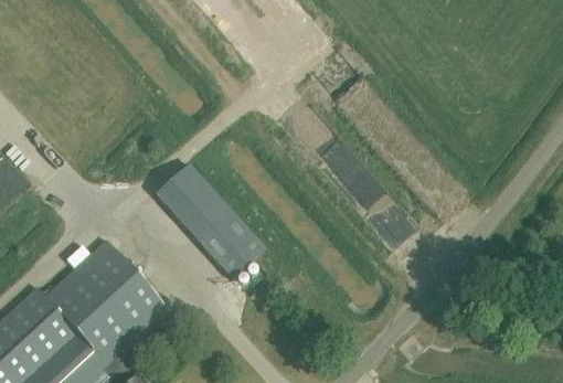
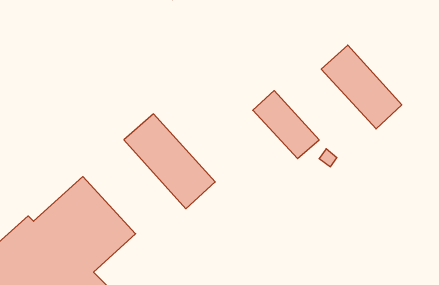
building: none -> [321,45,402,129]

